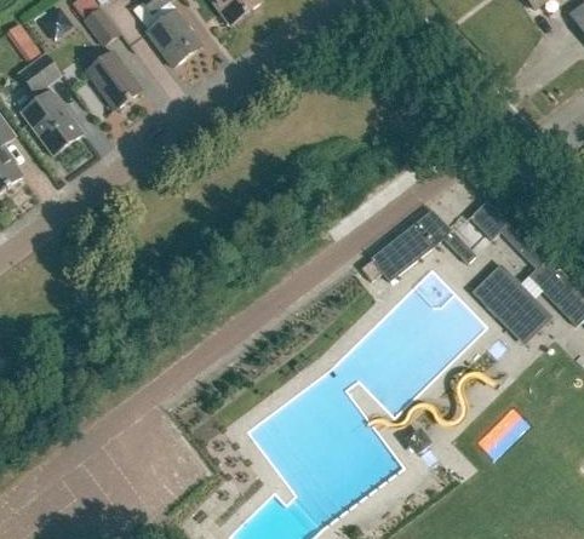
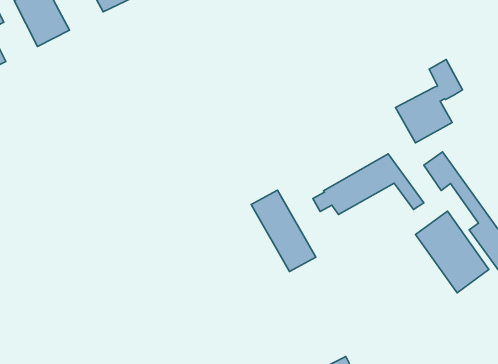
building: none -> [396,59,463,143]
building: none -> [251,190,316,272]

